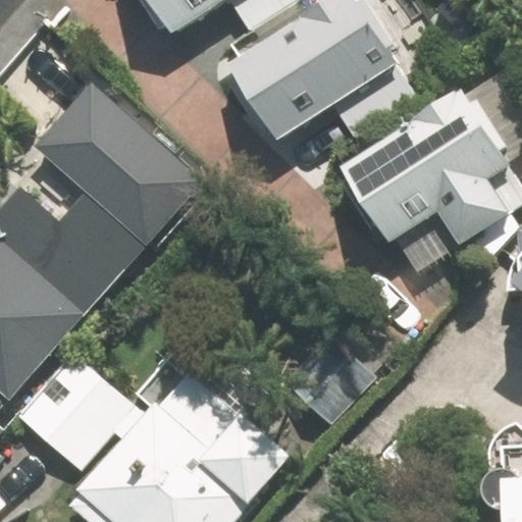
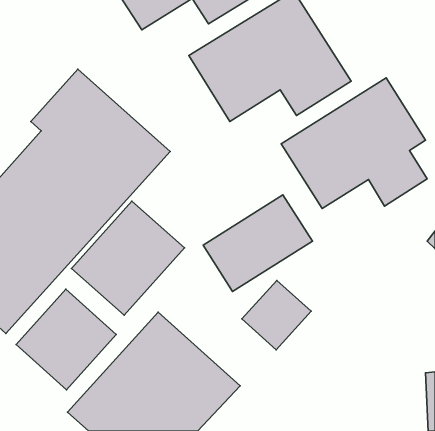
building: none -> [203,195,312,292]
building: none -> [72,201,184,315]

